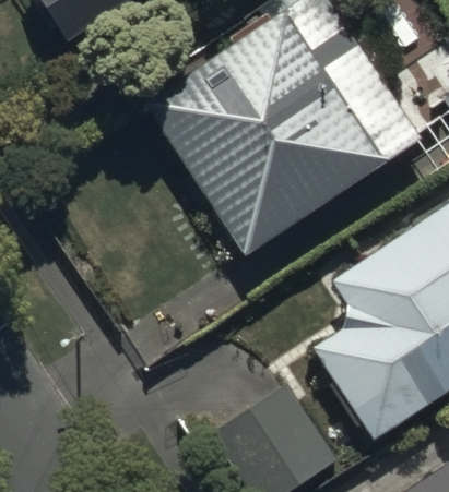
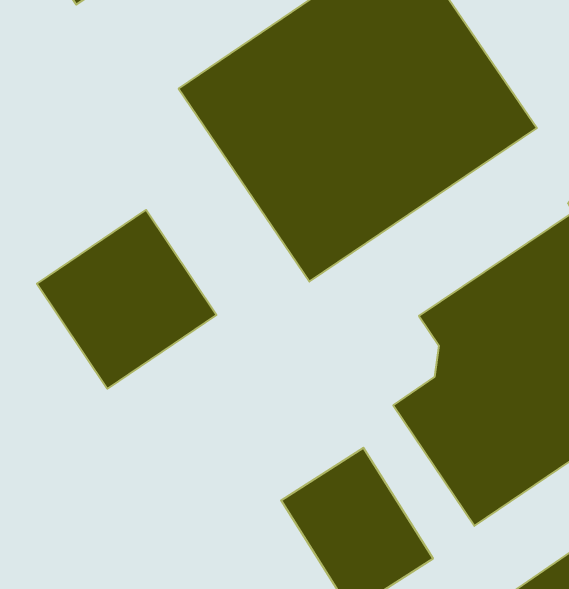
building: none -> [37,210,216,389]

